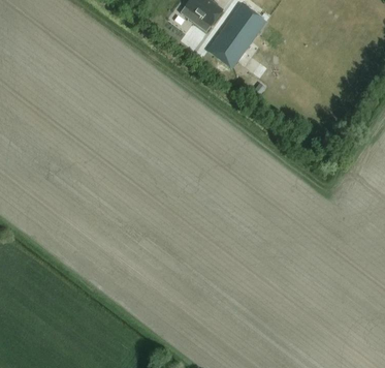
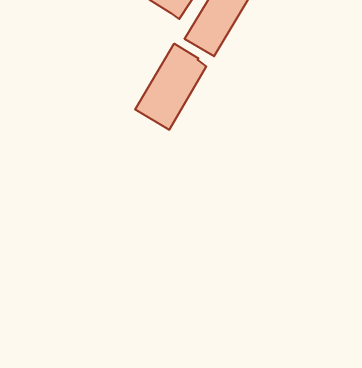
building: none -> [135,44,206,130]

